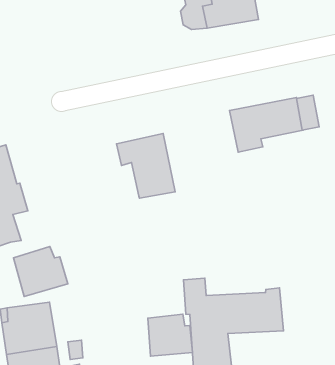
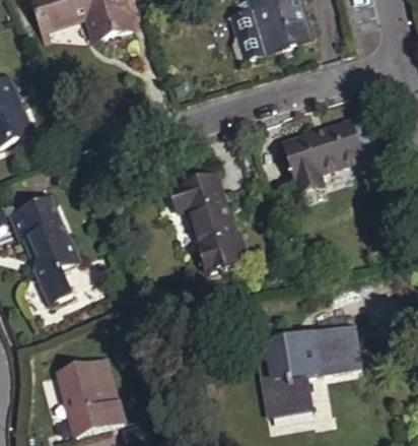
building: none -> [194,230,246,268]
building: [13,247,68,297] -> none
building: [148,314,192,356] -> none

